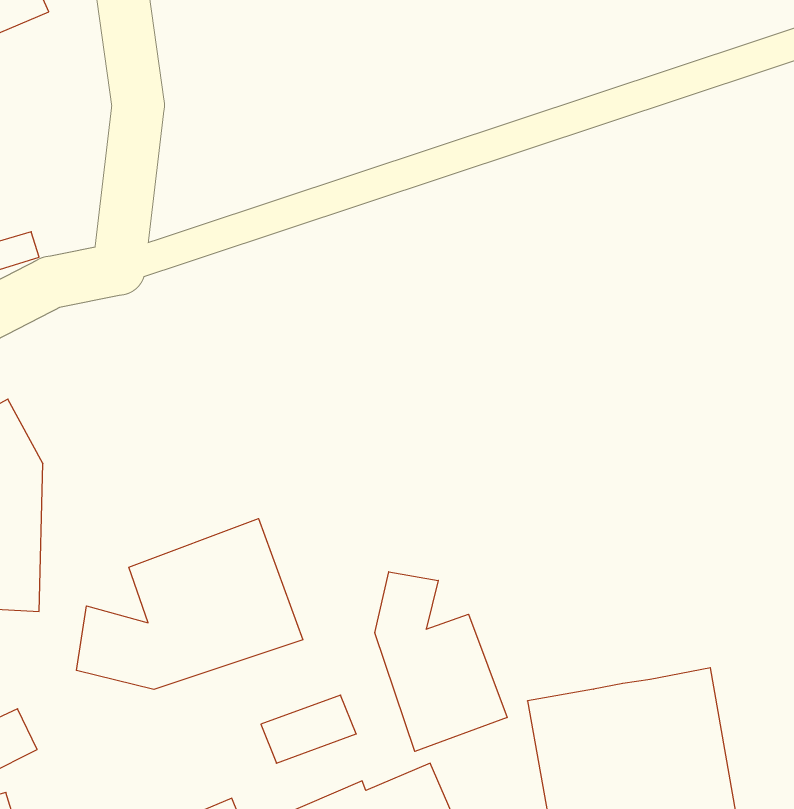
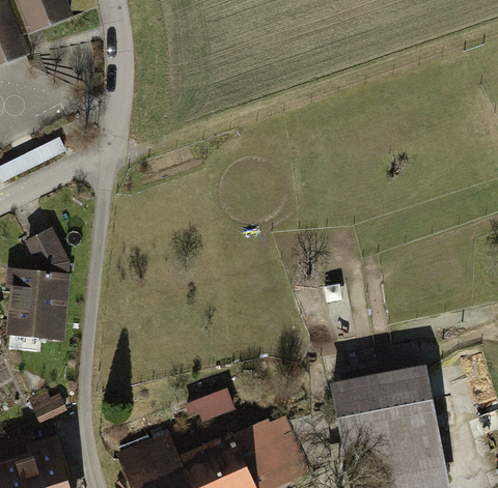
building: [76,519,303,689] -> none
building: [375,572,507,751] -> none

